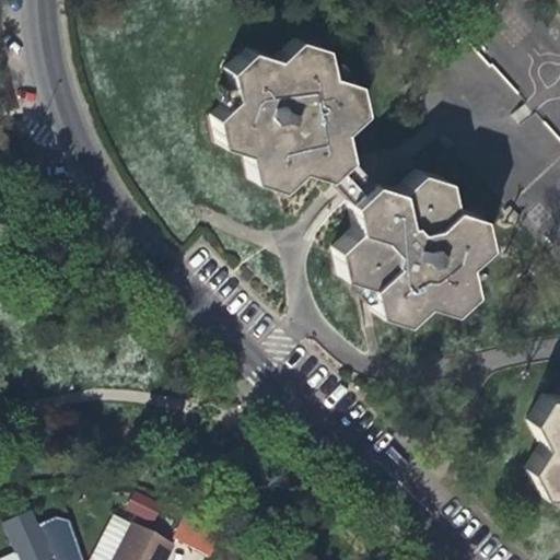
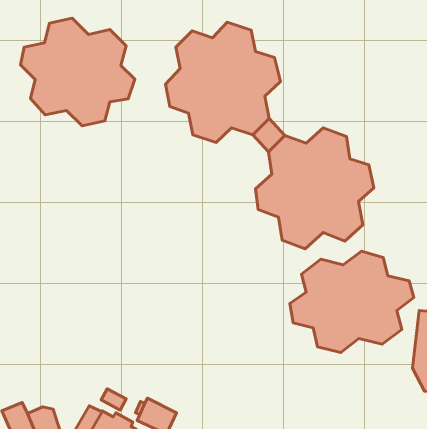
building: none -> [20,18,135,126]
building: none -> [290,251,414,353]

